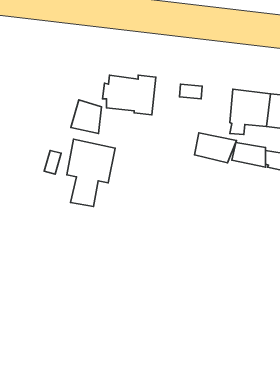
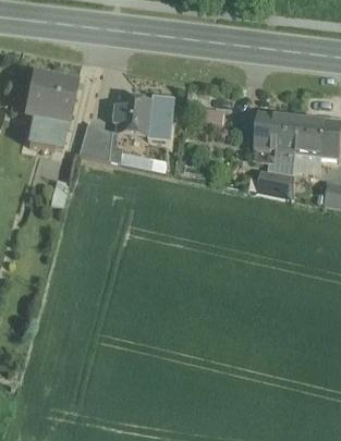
building: [195,133,237,163] -> none
building: [67,139,115,206] -> [23,74,76,148]

